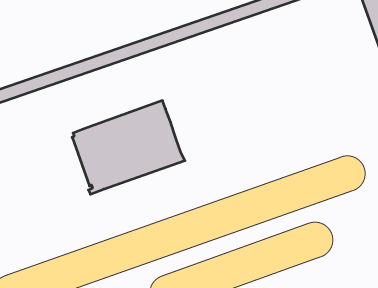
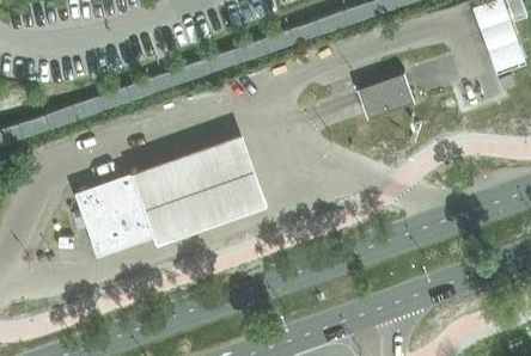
building: none -> [354,69,416,119]
building: none -> [73,170,158,256]

